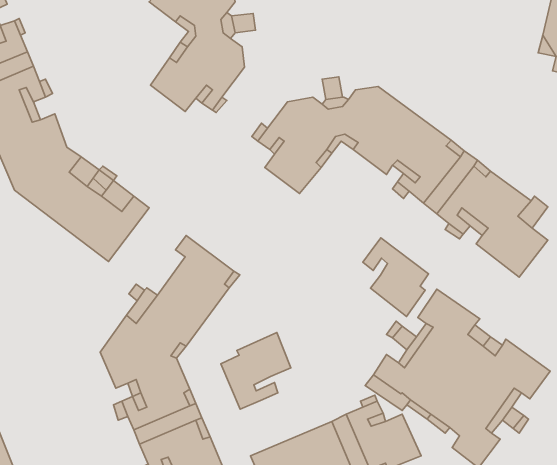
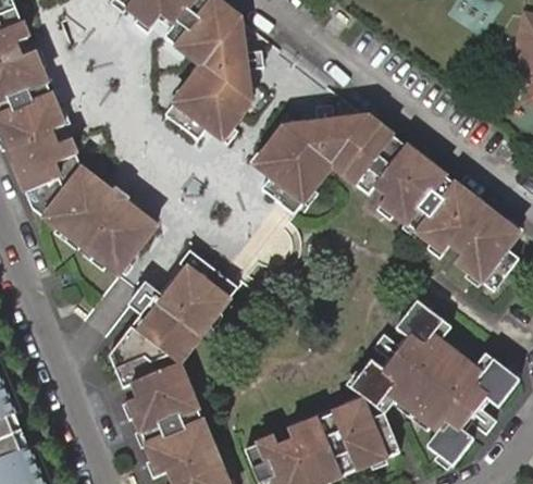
building: [363,238,429,317] -> none
building: [221,332,291,409] -> none

